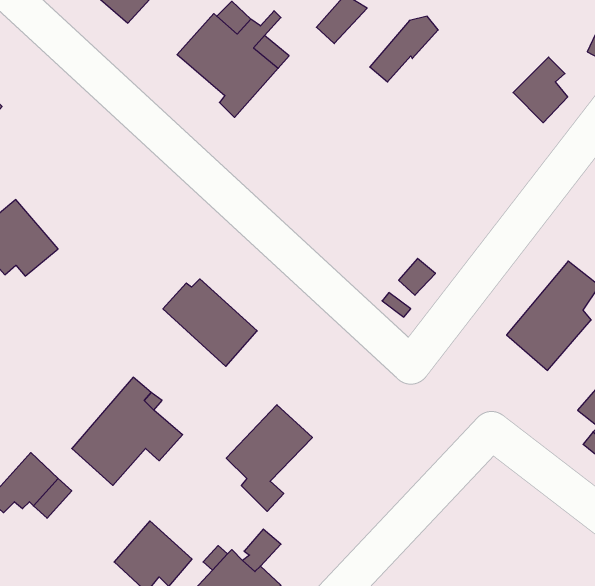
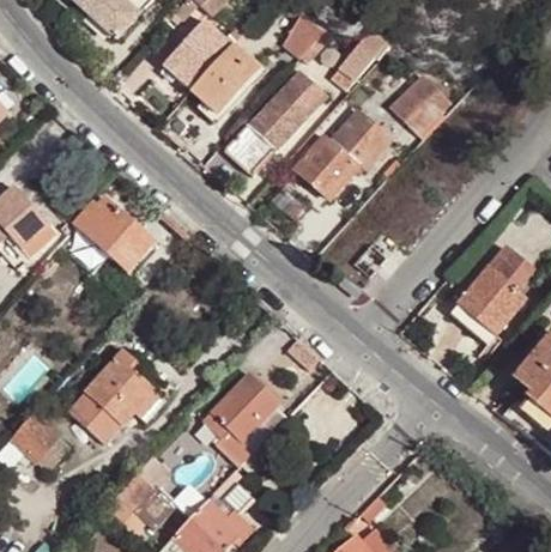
building: [513,57,568,123] -> [393,78,441,135]
building: none -> [223,71,322,176]
building: none -> [289,113,390,199]
building: [163,279,257,366] -> [72,196,155,273]

